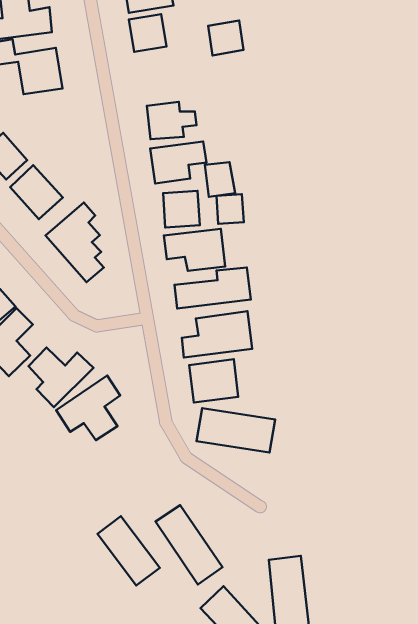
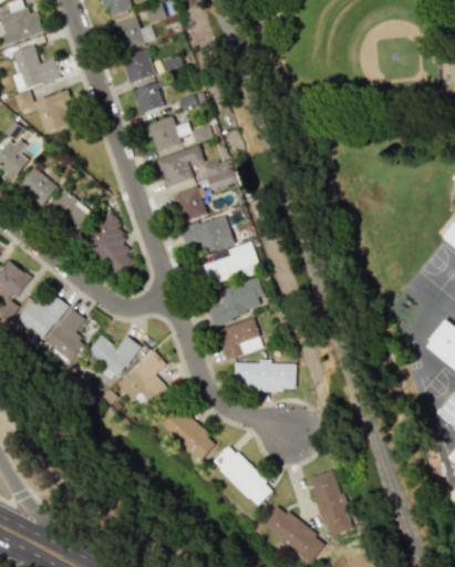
building: [208,20,244,55] -> [133,81,165,113]
building: [216,194,244,224] -> none
building: [97,516,160,585] -> [162,406,217,461]

